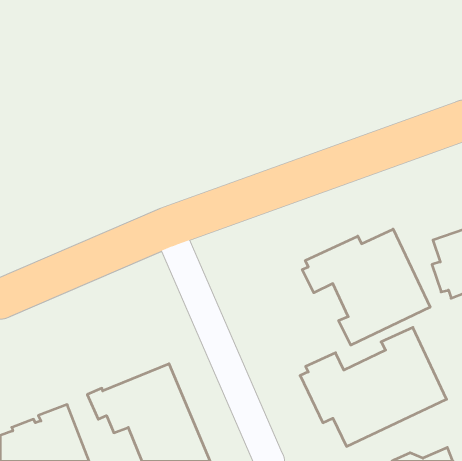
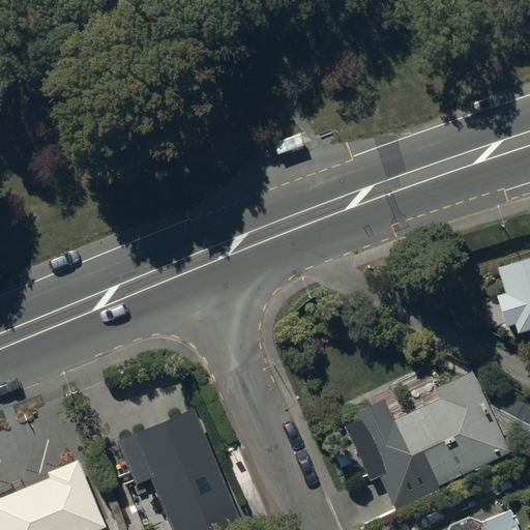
building: [302,229,430,345] -> none

